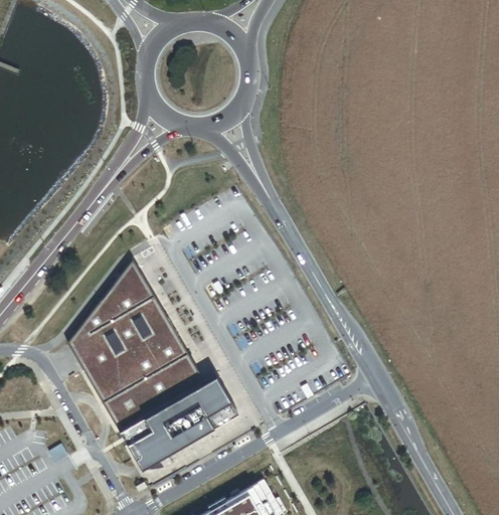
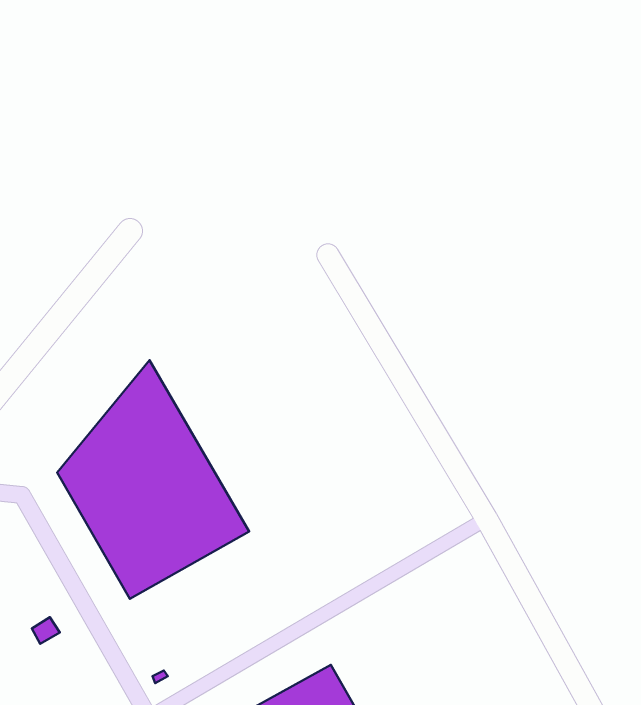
building: [121,378,238,471] -> none

